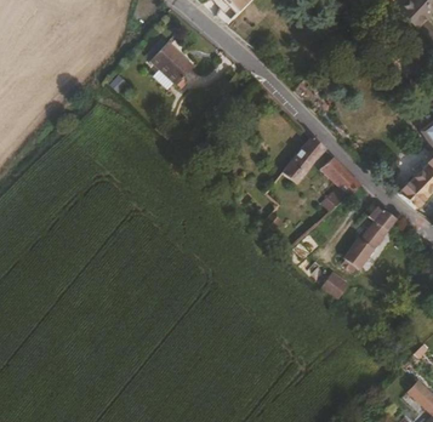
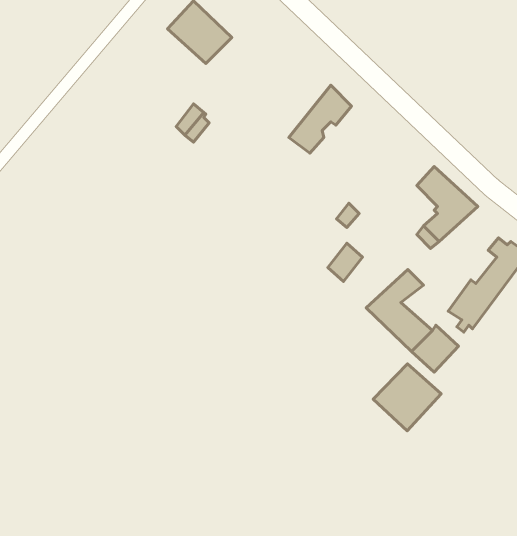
building: [283,136,326,183] -> [289,85,352,153]
building: none -> [373,364,441,431]

